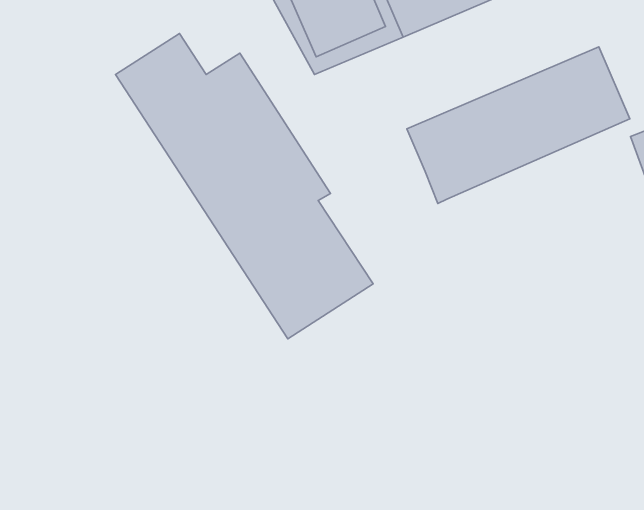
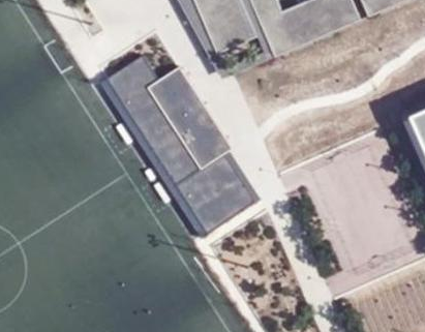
building: [407,47,630,203] -> none

